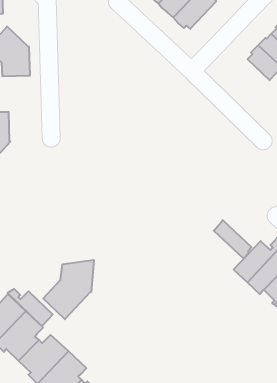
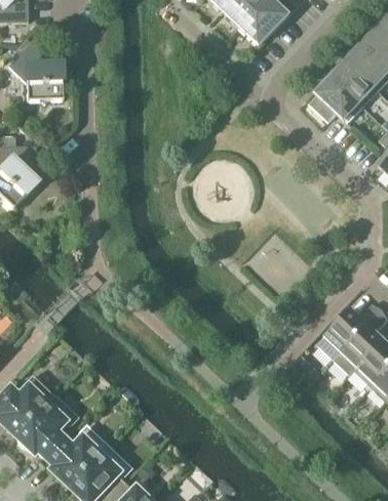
building: none -> [308,78,361,120]
building: [214,220,252,259] -> none
building: [43,260,94,319] -> none
building: [8,289,53,326] -> none

